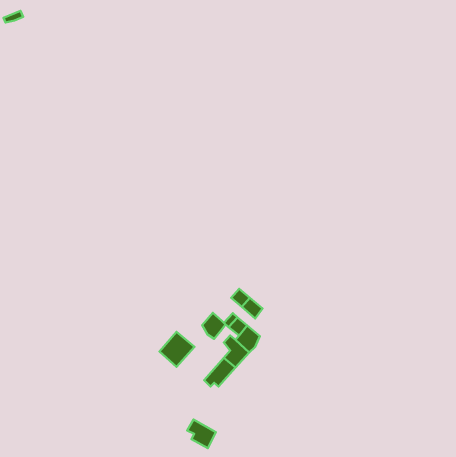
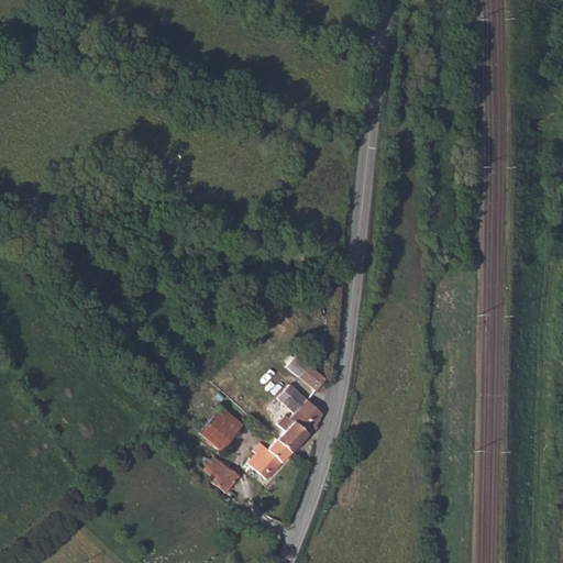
building: [202,313,226,339] -> none
building: [187,420,216,448] -> [206,456,241,492]

